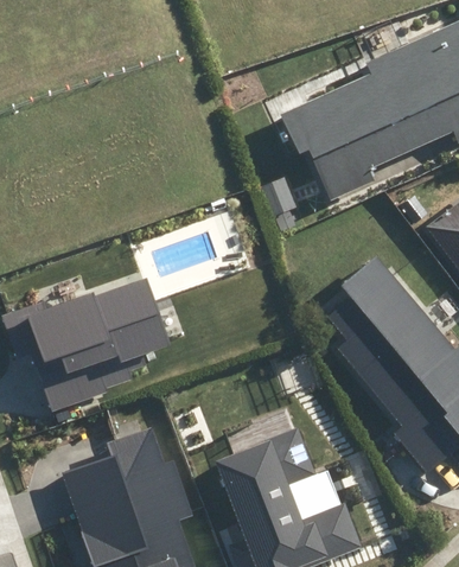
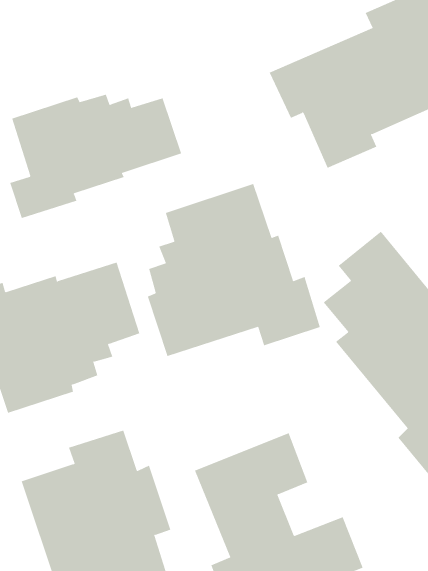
building: none -> [9,94,182,219]
building: none -> [147,183,321,357]

